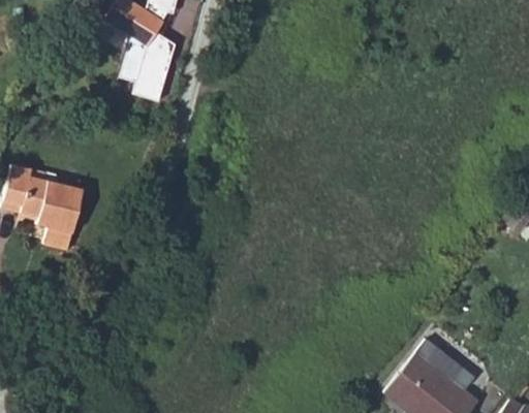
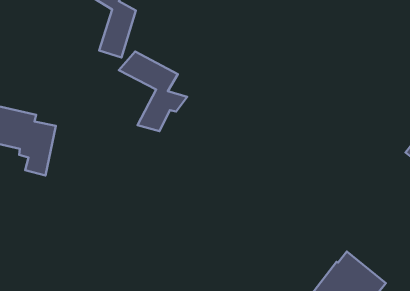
building: none -> [119,52,187,131]

